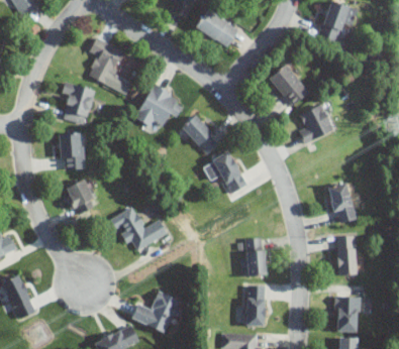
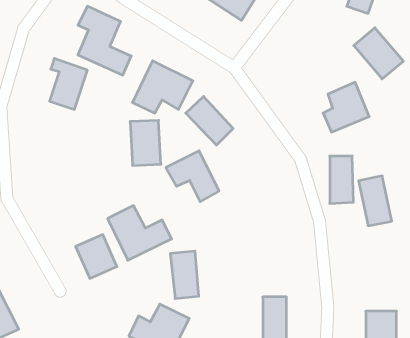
building: [267,64,309,107] -> [354,28,403,79]
building: [59,132,85,170] -> [130,120,161,165]
building: [201,151,246,195] -> [166,151,219,202]
building: [63,179,98,216] -> [76,235,117,278]
building: [336,236,357,276] -> [330,156,353,203]
building: [242,237,267,277] -> [170,251,199,299]

